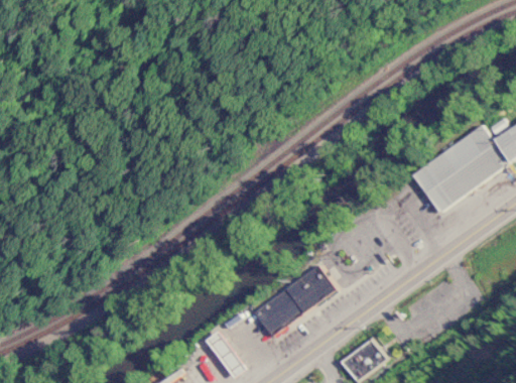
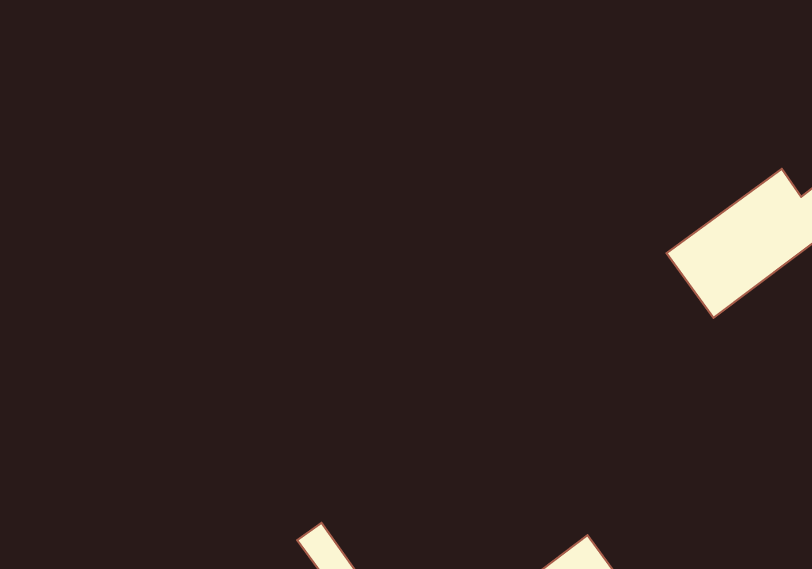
building: [251,260,337,339] -> none

